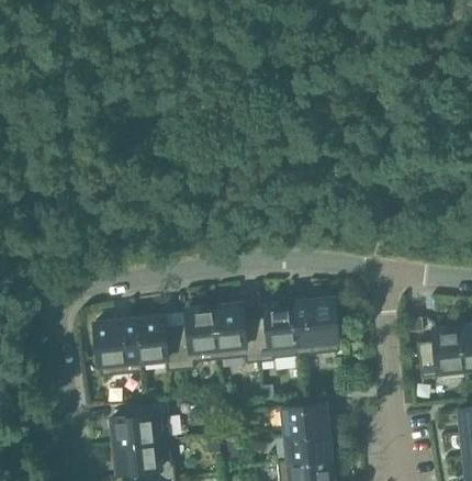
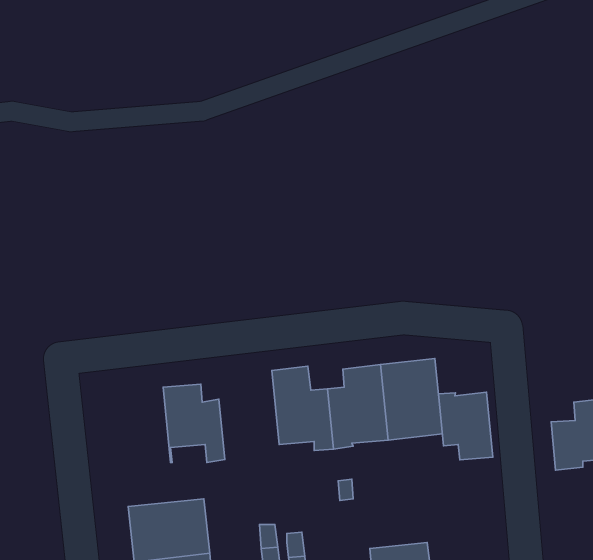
building: [176,306,220,371] -> none
building: [95,318,141,378] -> none
building: none -> [438,392,493,460]
building: [282,404,328,436] -> none

